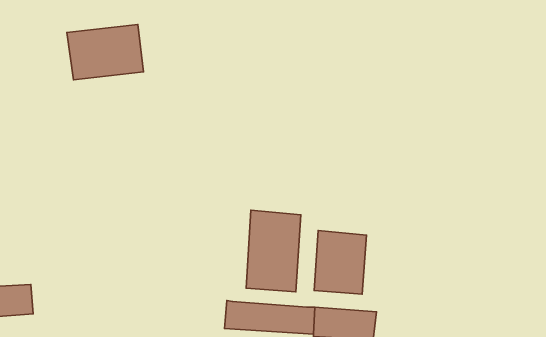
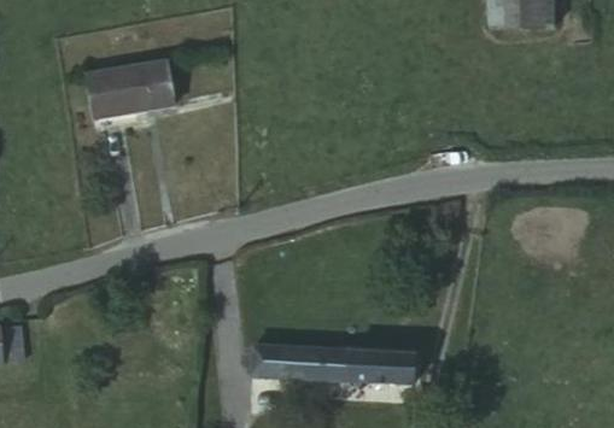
building: [246,210,301,292] -> none
building: [314,230,367,294] -> none

